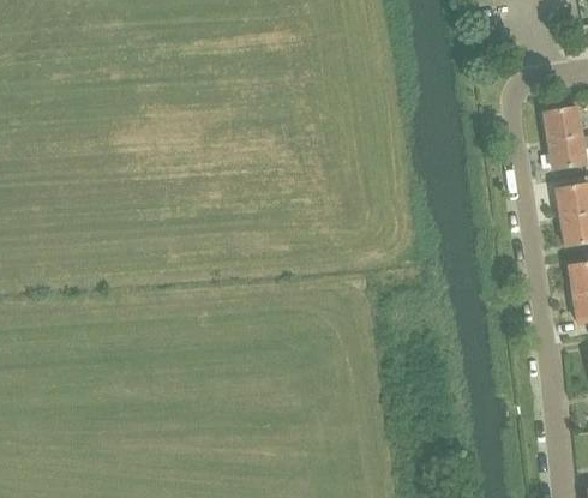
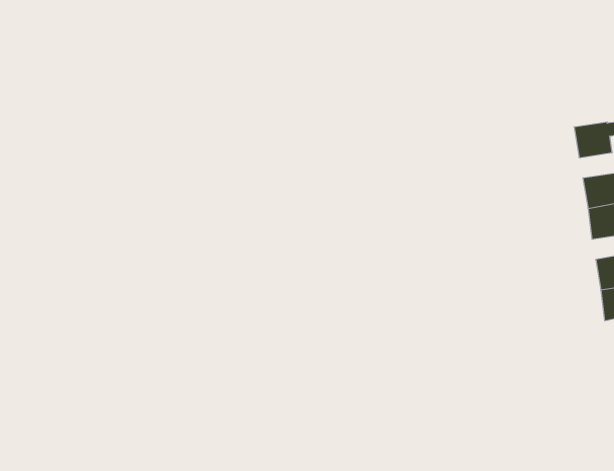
building: [544,106,580,139] -> none

